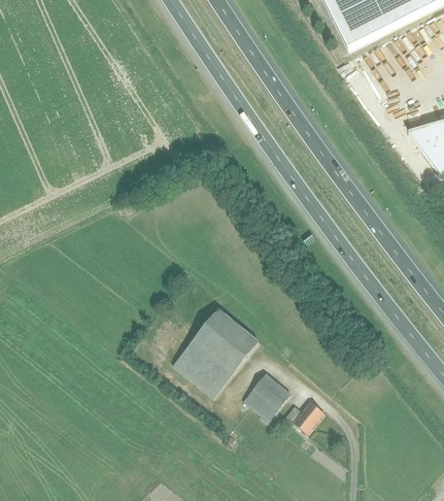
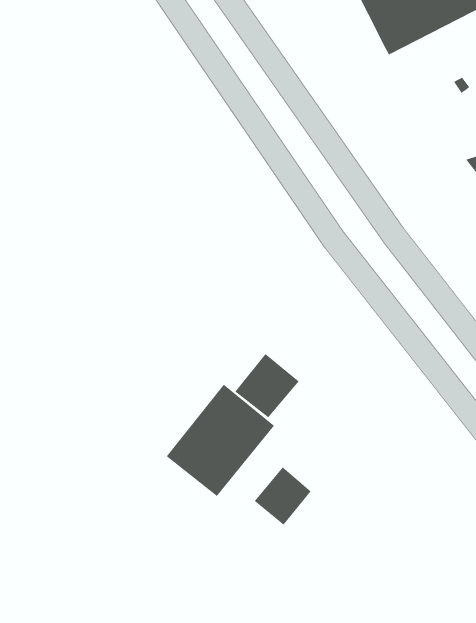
building: none -> [235,353,299,418]
building: [284,400,325,433] -> none

